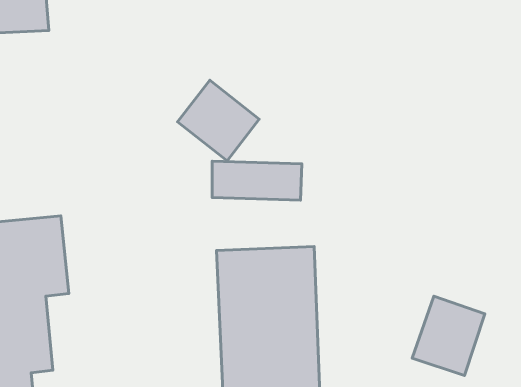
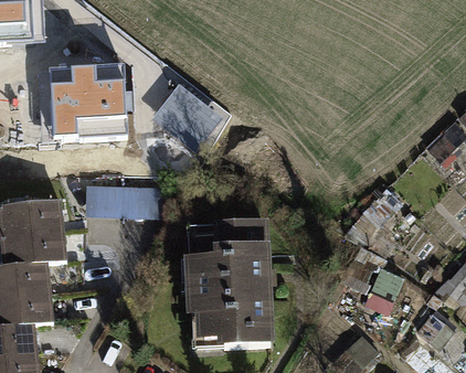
building: none -> [51,71,126,142]
building: [212,161,302,200] -> [86,185,160,217]

